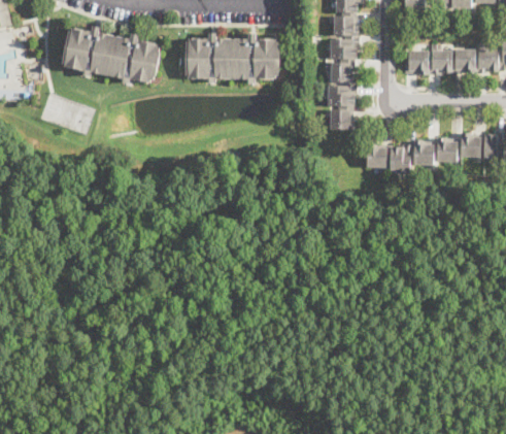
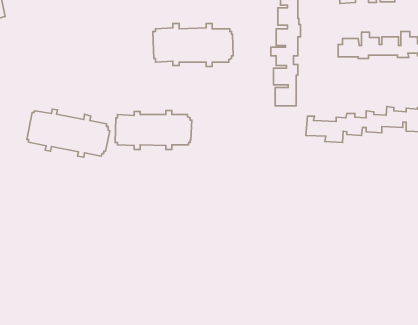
building: [62,27,160,84] -> [27,109,110,157]
building: none -> [115,111,192,150]

